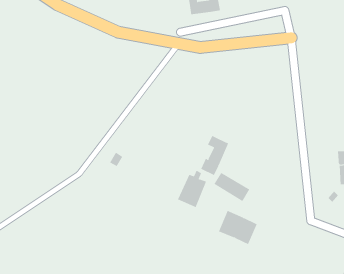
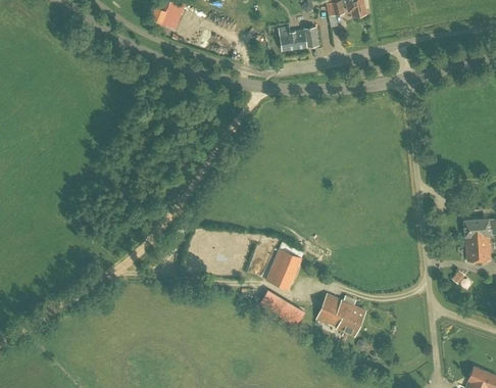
building: [200,135,229,176] -> none
building: [213,172,250,202] -> [258,290,304,327]

